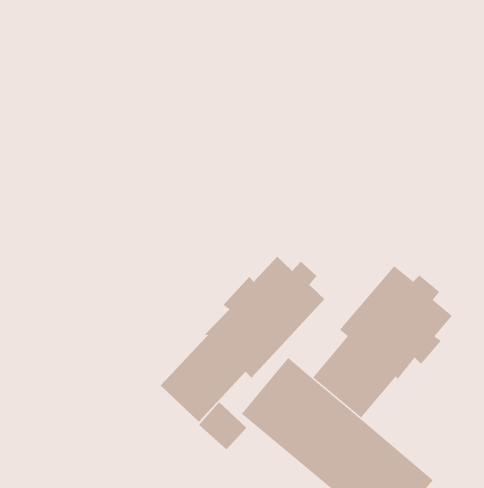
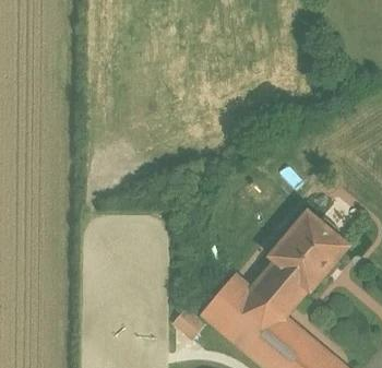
building: [160,256,325,422] -> none

